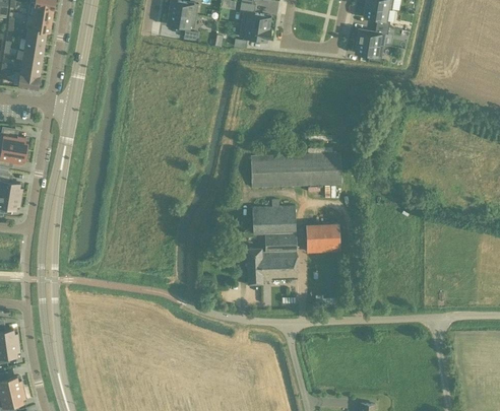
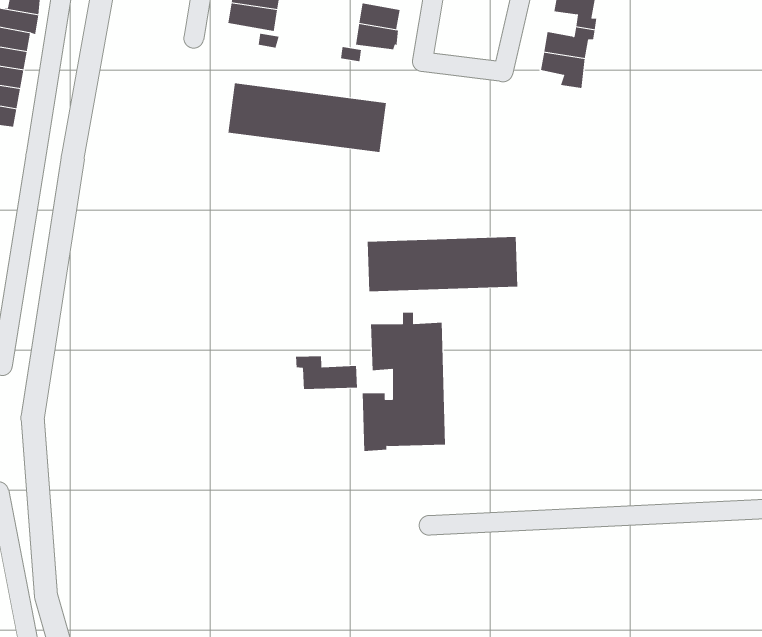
building: none -> [228,83,386,153]
building: none -> [296,355,357,390]
building: [306,226,339,244] -> none

